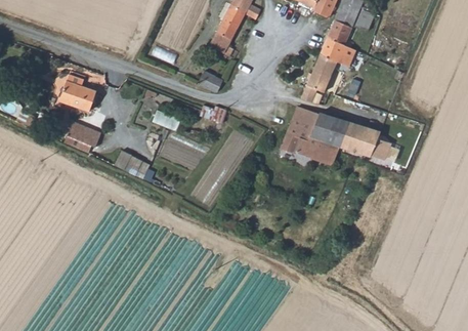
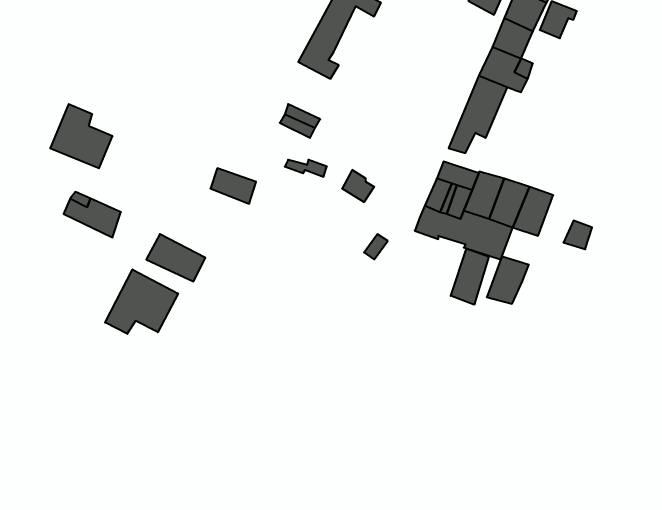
building: [354,127,380,156] -> [487,257,529,304]
building: none -> [451,248,489,305]
building: none -> [105,269,178,334]

